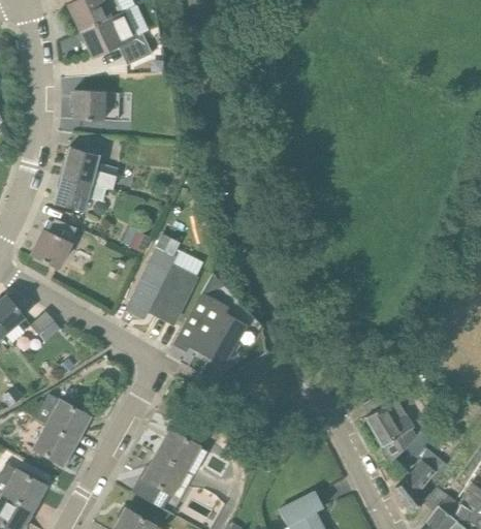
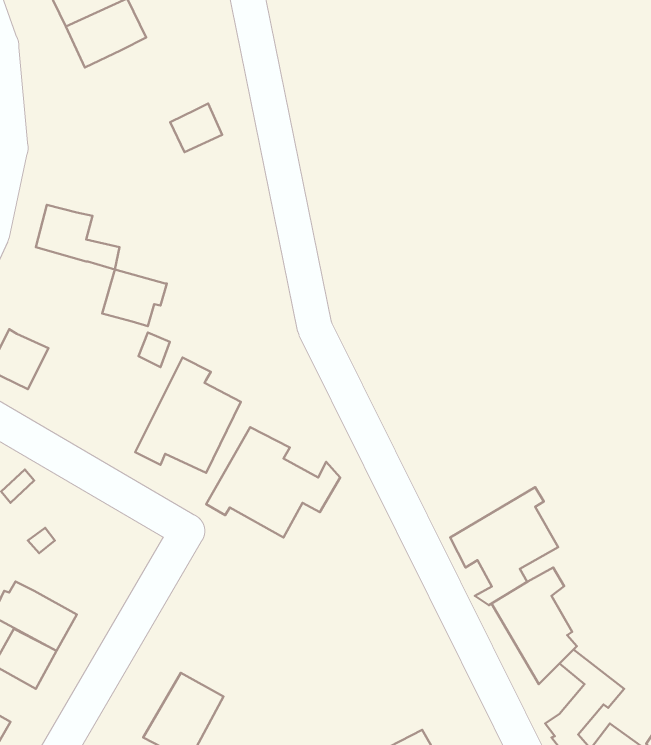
building: [118,33,152,65] -> [170,103,222,152]
building: [73,89,106,121] -> none
building: [54,175,96,212] -> [102,269,167,326]
building: none -> [450,487,558,605]
building: [157,430,198,469] -> none

